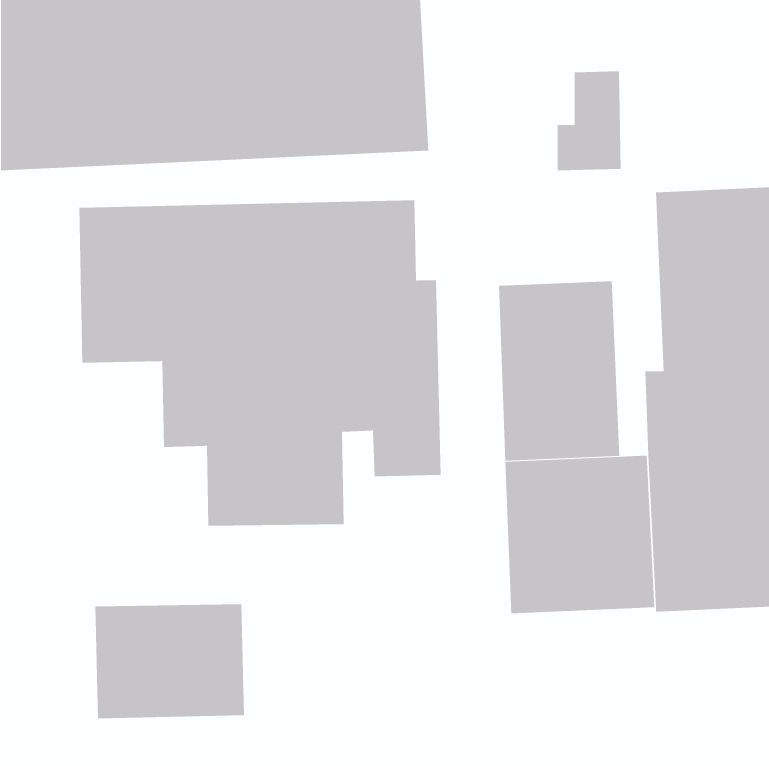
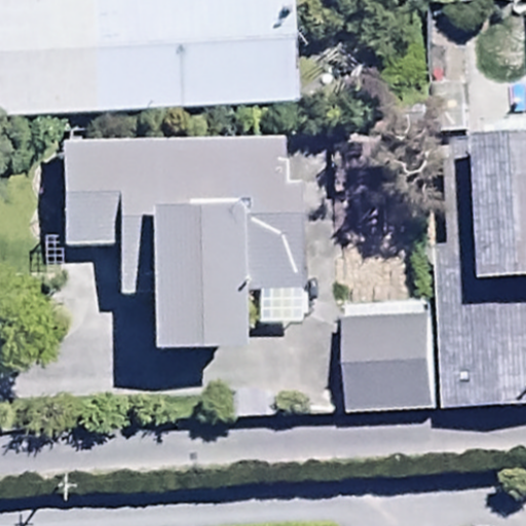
building: [498,280,620,461] -> none
building: [95,604,244,719] -> none

